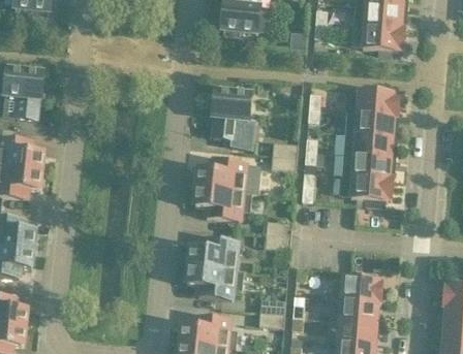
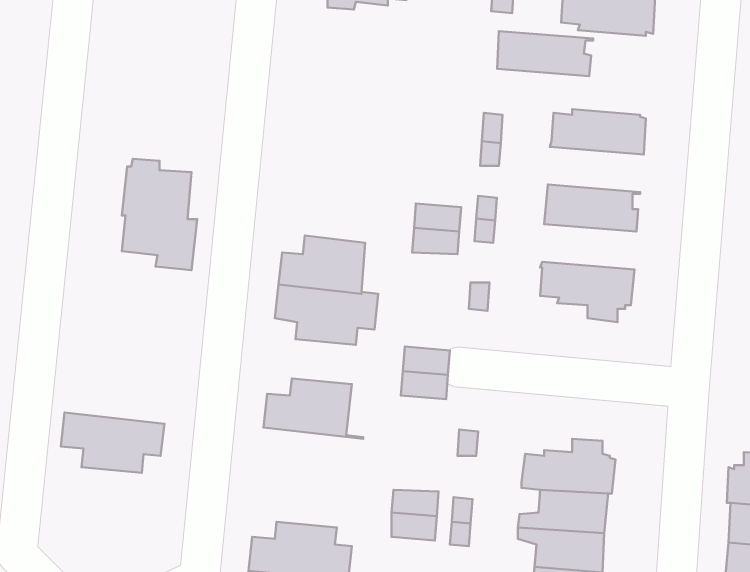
building: [213,88,254,149] -> [122,159,197,270]
building: [345,112,398,137] -> [497,31,593,76]
building: [342,155,394,180] -> none
building: [187,266,244,299] -> [61,413,164,473]

